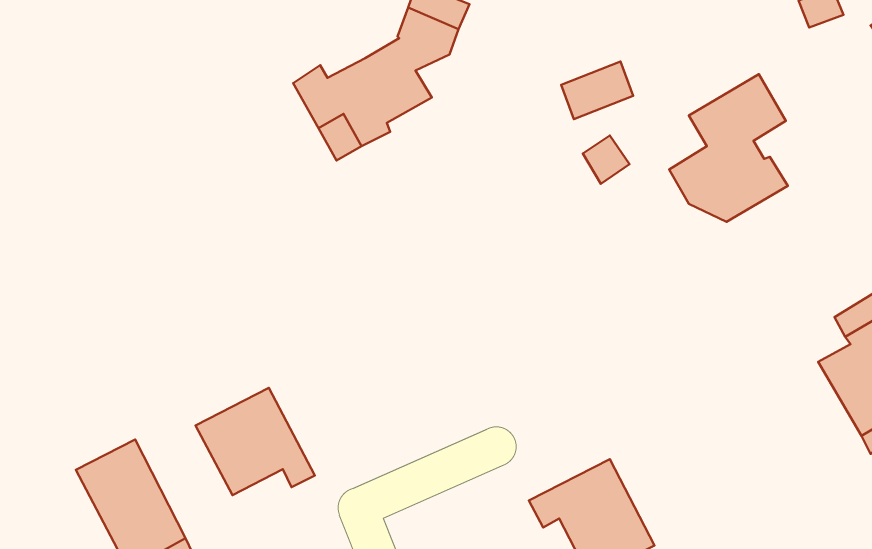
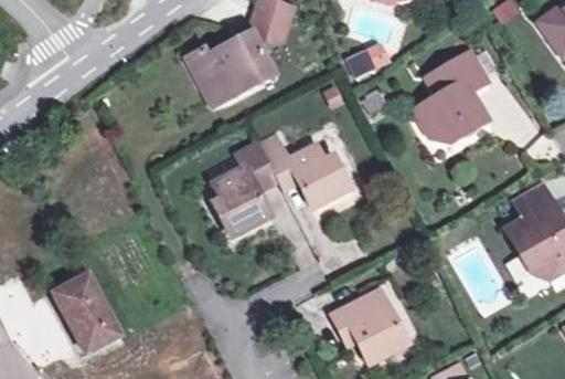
building: none -> [211,133,352,236]
building: [196,388,315,495] -> none

